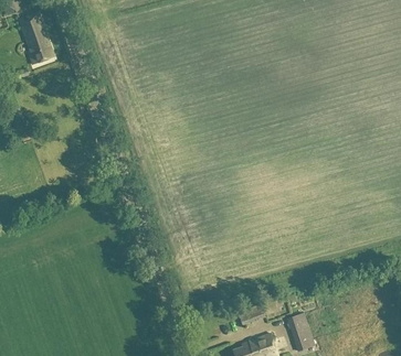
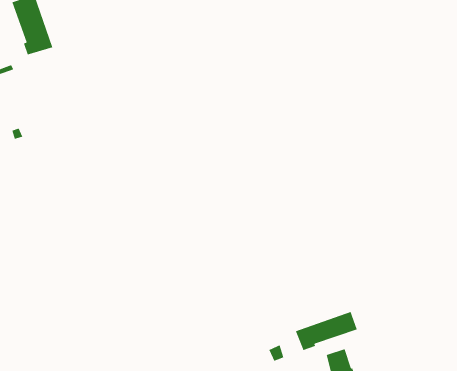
building: none -> [295,311,358,351]

